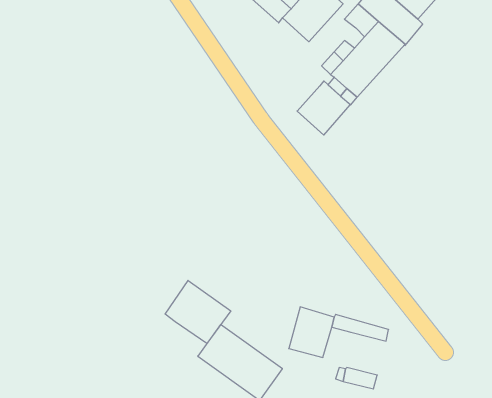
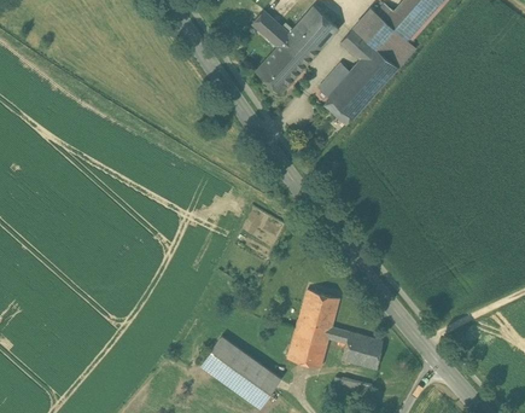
building: [297,81,350,135] -> [256,42,307,94]
building: none -> [298,289,339,328]
building: [165,280,231,343] -> none
building: none -> [342,343,380,368]

